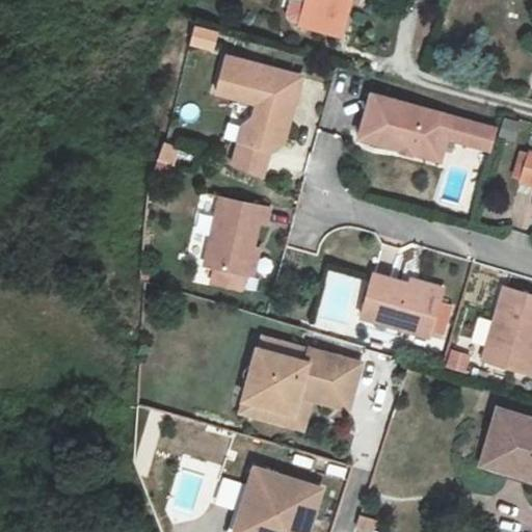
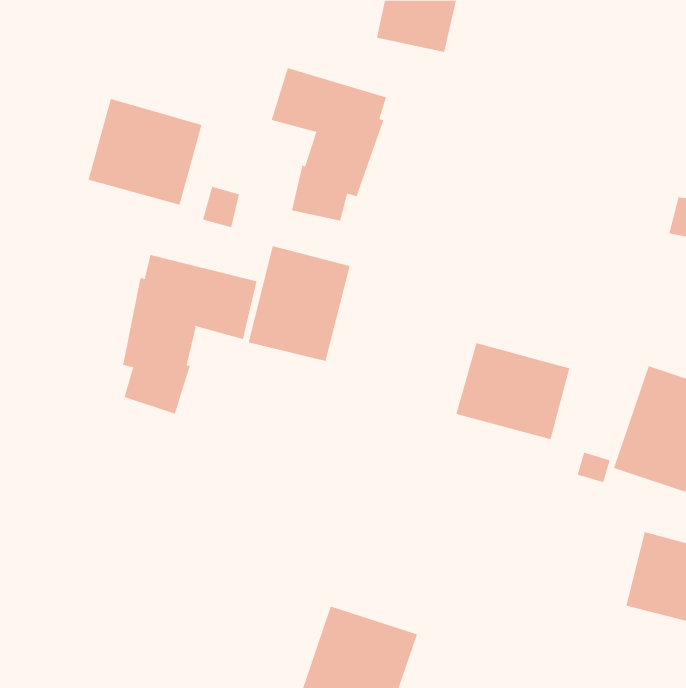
building: none -> [88,98,202,205]
building: [356,91,496,159] -> none
building: none -> [123,254,257,415]
building: [242,350,364,430] -> none

